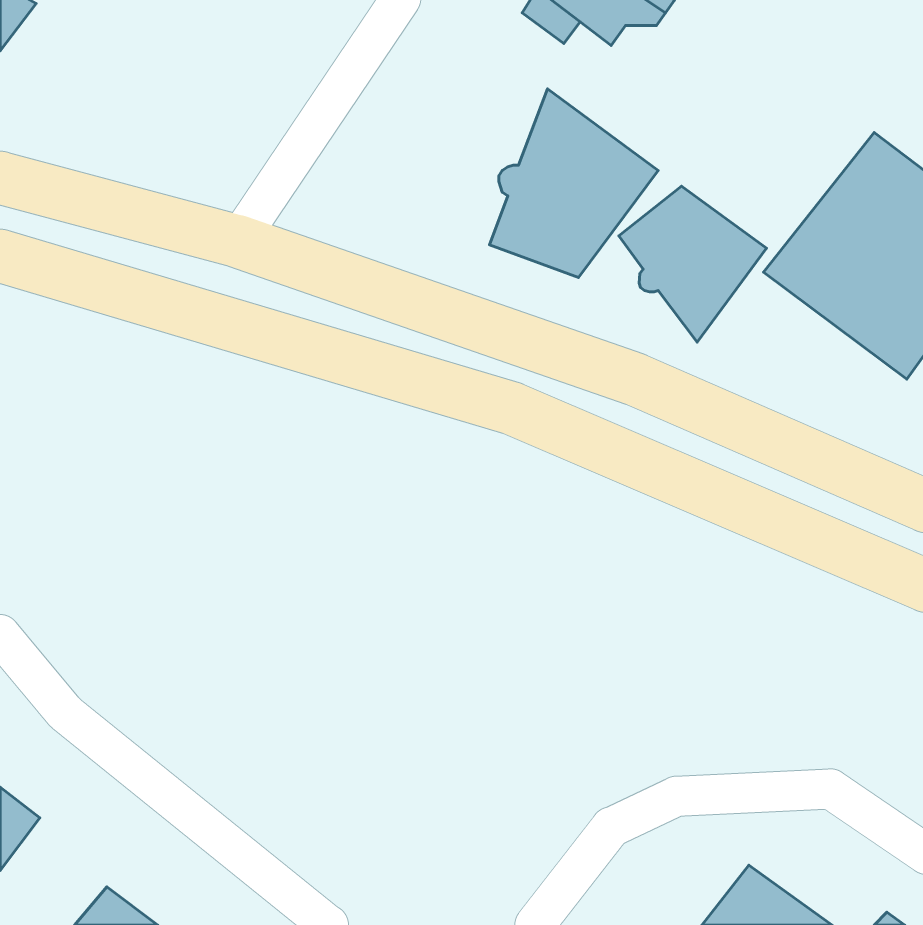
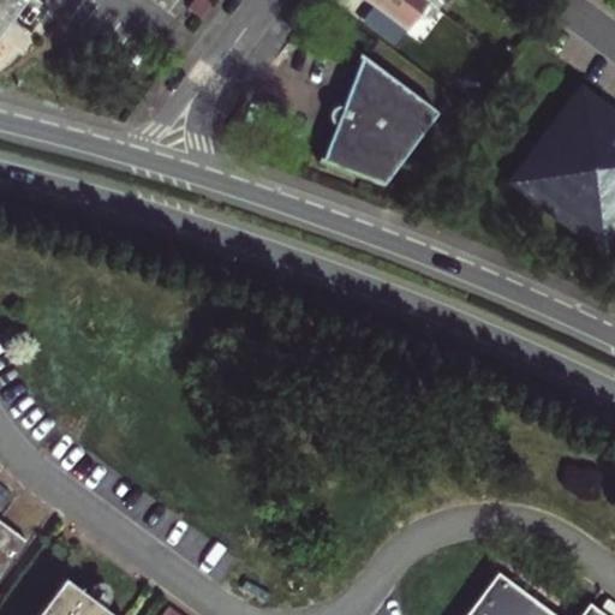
building: [619,186,767,342] -> none

